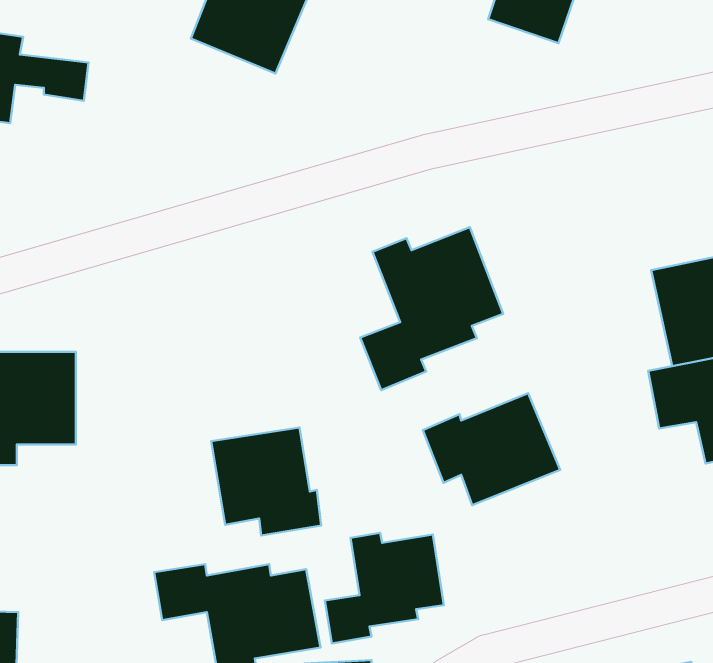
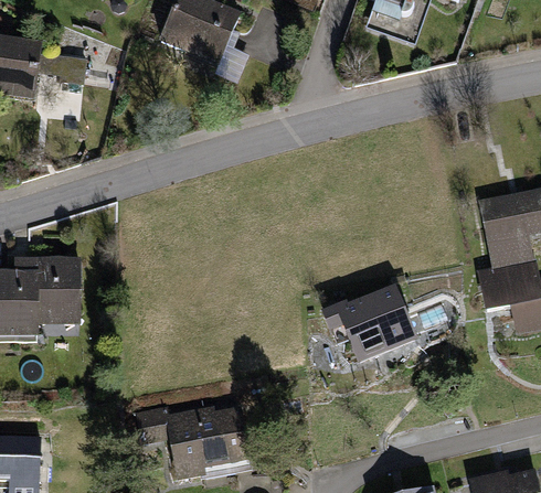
building: [360,227,503,390] -> none
building: [211,428,321,536] -> none
building: [325,533,444,644] -> none

